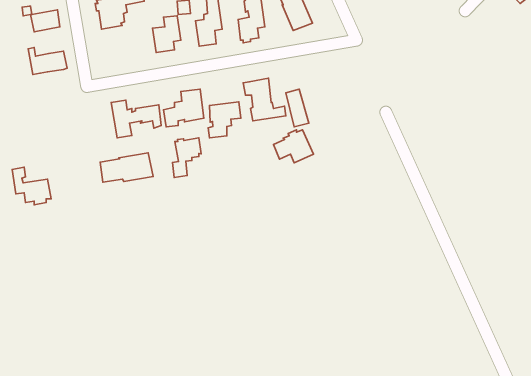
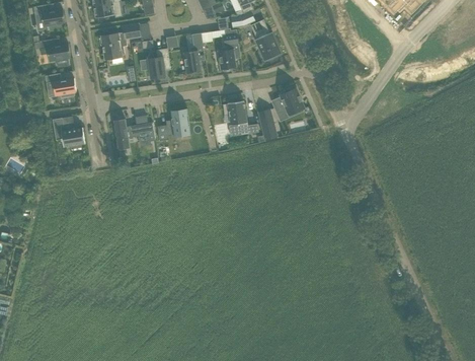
building: [208,102,241,138] -> none
building: [273,130,314,163] -> [270,87,304,115]
building: [172,138,201,177] -> none
building: [100,153,153,182] -> none
building: [12,167,51,205] -> [52,117,84,148]

